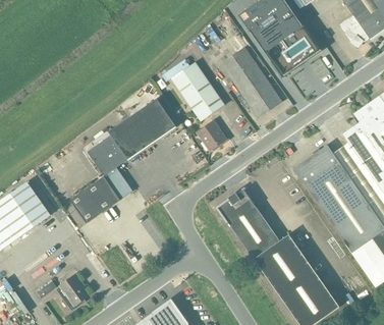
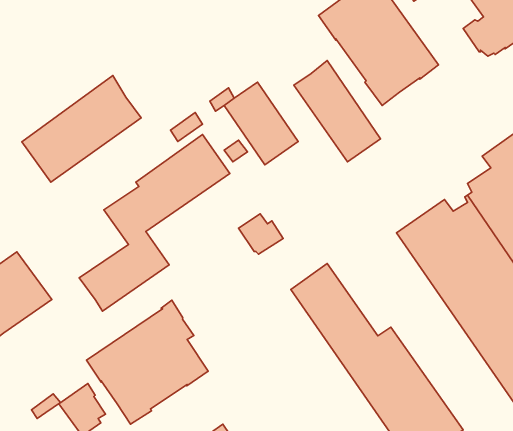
building: none -> [22,75,141,182]
building: [198,121,229,150] -> [238,214,283,254]
building: none -> [87,300,208,424]

